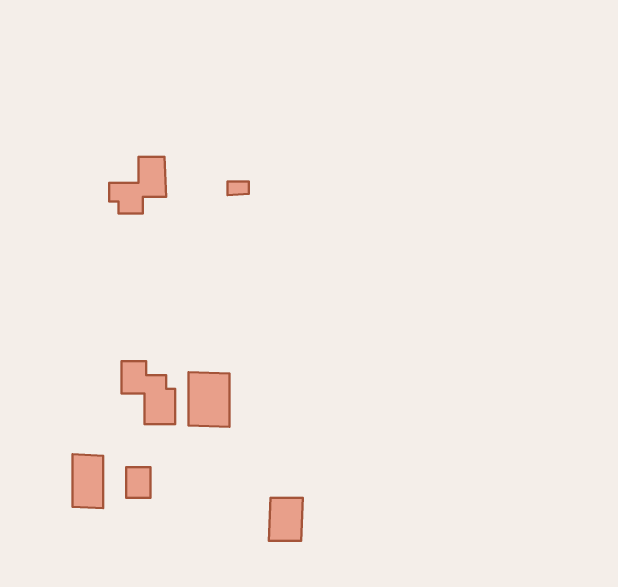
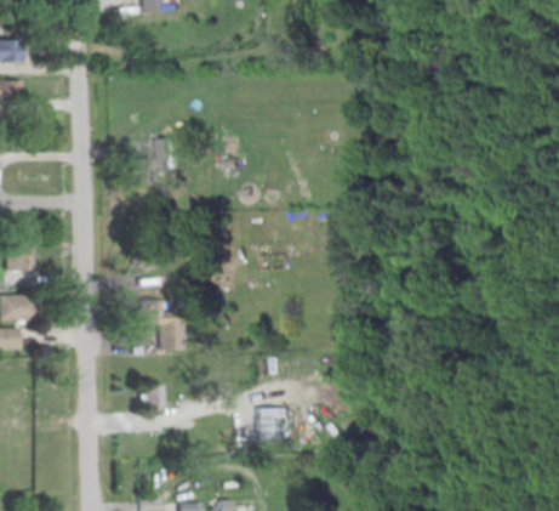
building: [189,372,229,427] -> none
building: [73,454,103,508] -> none

